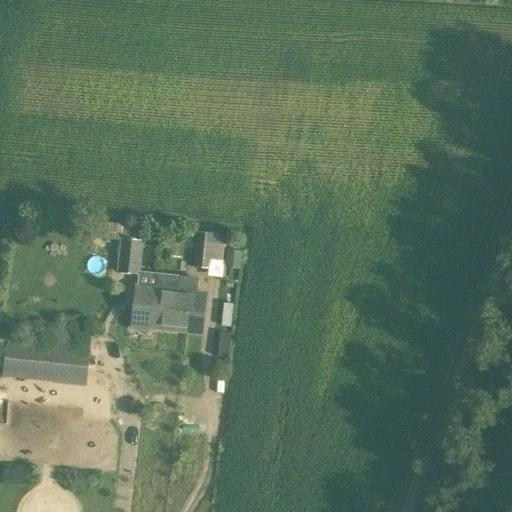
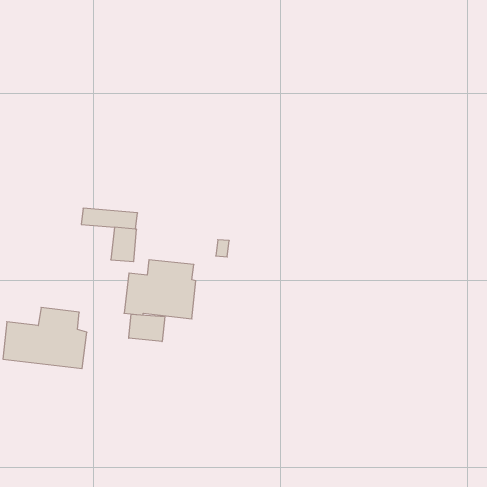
building: [193,232,214,268] -> none
building: none -> [129,314,165,342]

